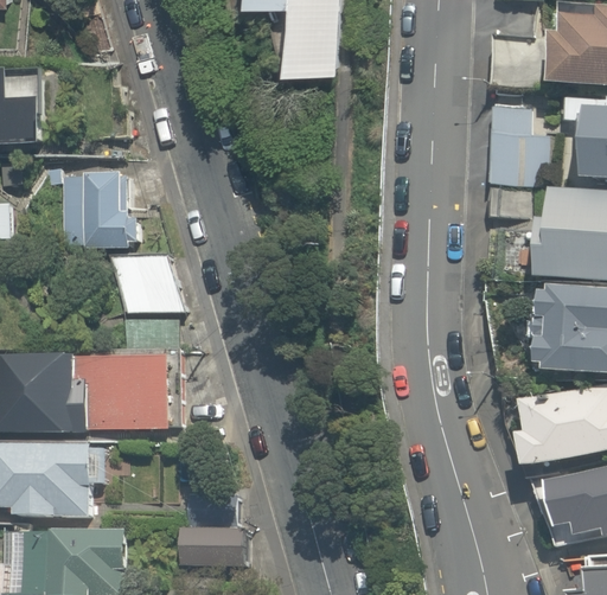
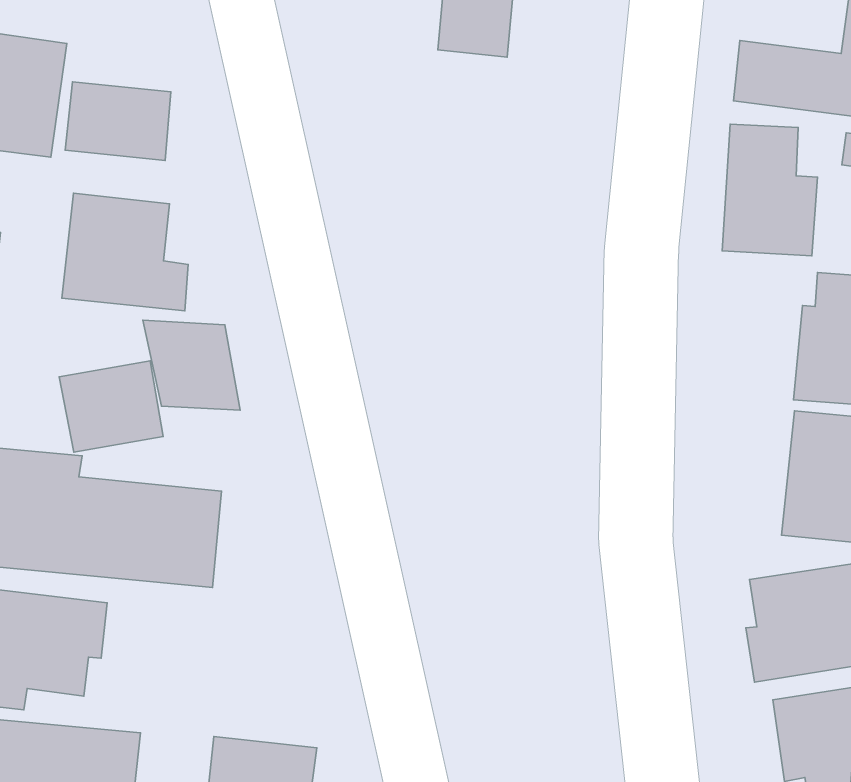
building: none -> [65,82,171,161]
building: none -> [59,361,163,452]

